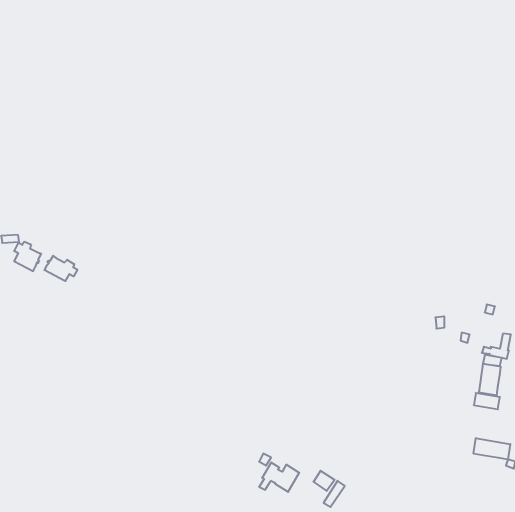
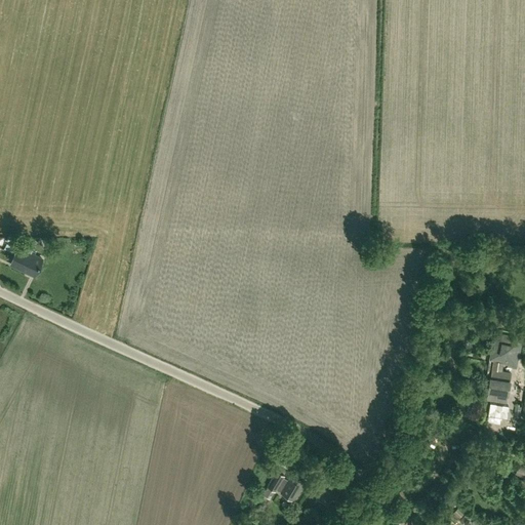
building: [44,256,77,281] -> none
building: [474,438,510,460] -> none

